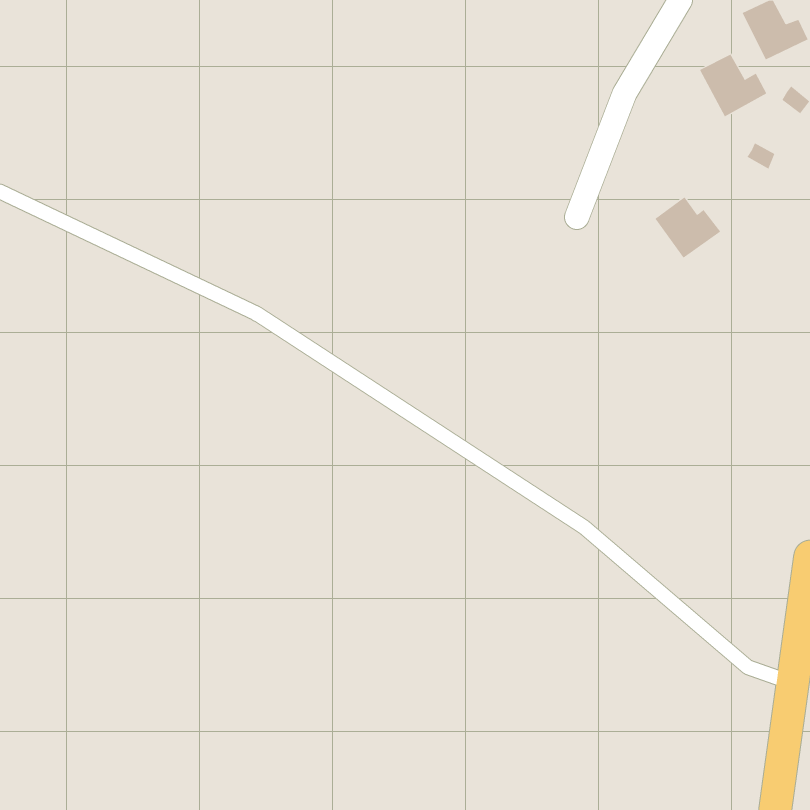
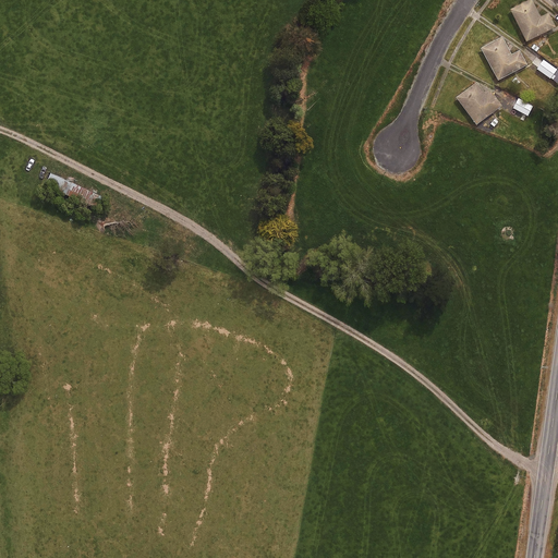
building: [655,197,721,258] -> [457,82,502,124]

